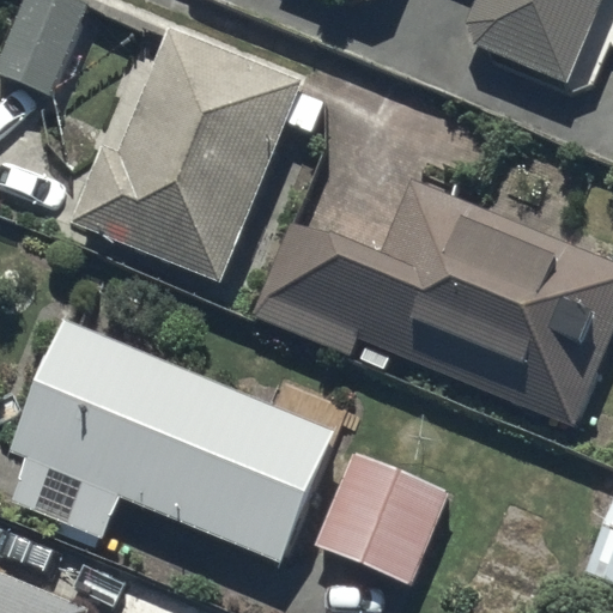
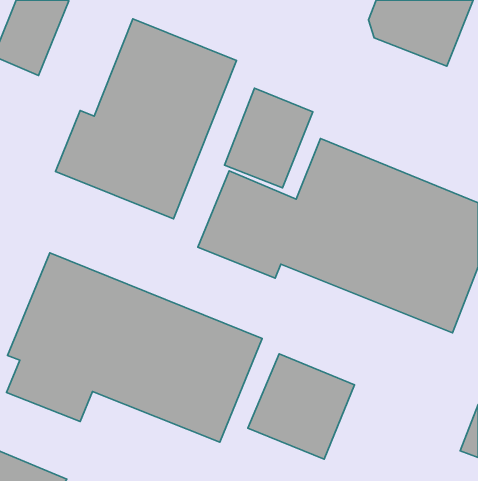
building: none -> [225,88,313,188]

